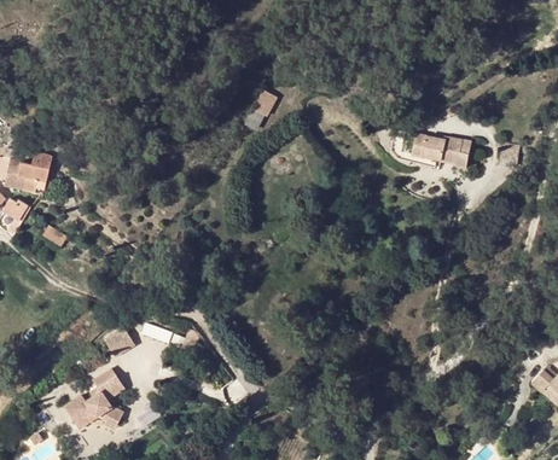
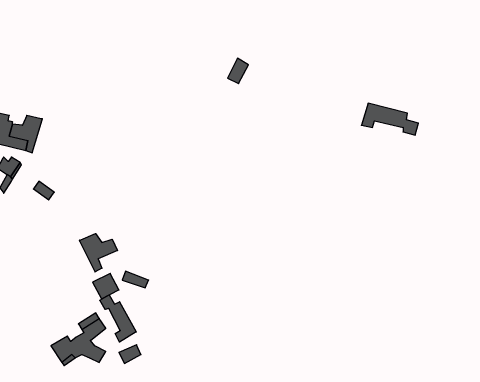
building: none -> [80,234,117,272]
building: none -> [100,295,136,342]

